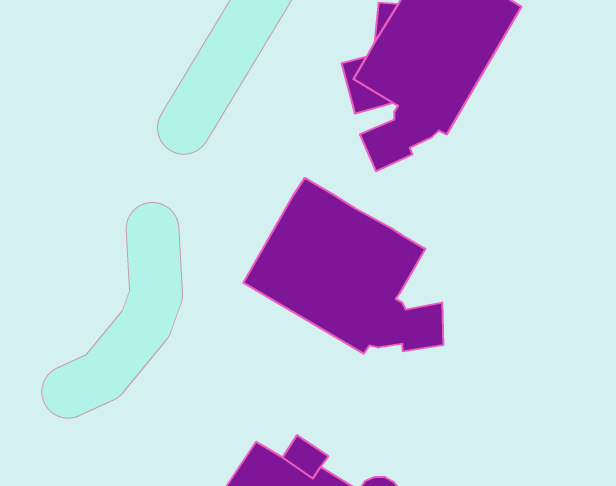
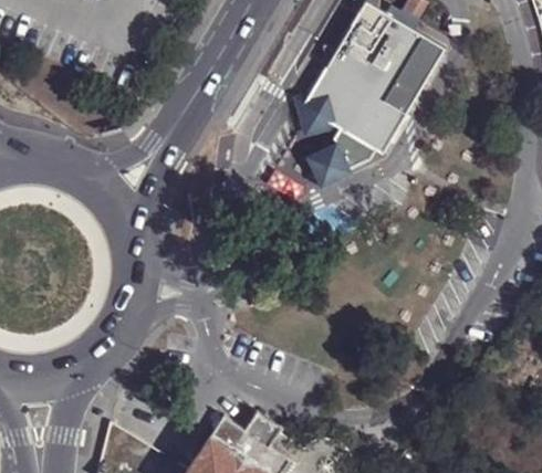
building: [243,178,443,354] -> none

